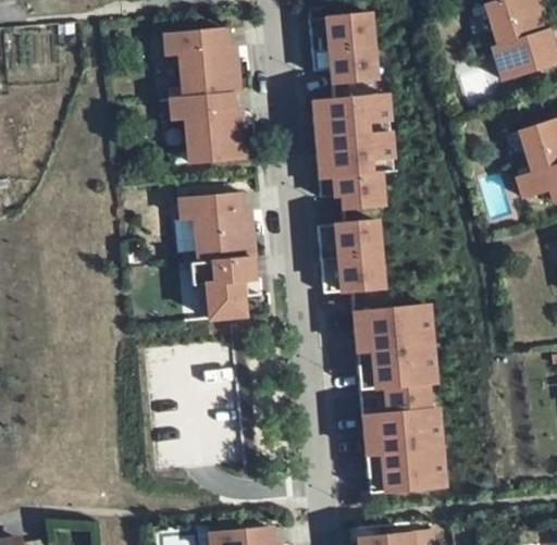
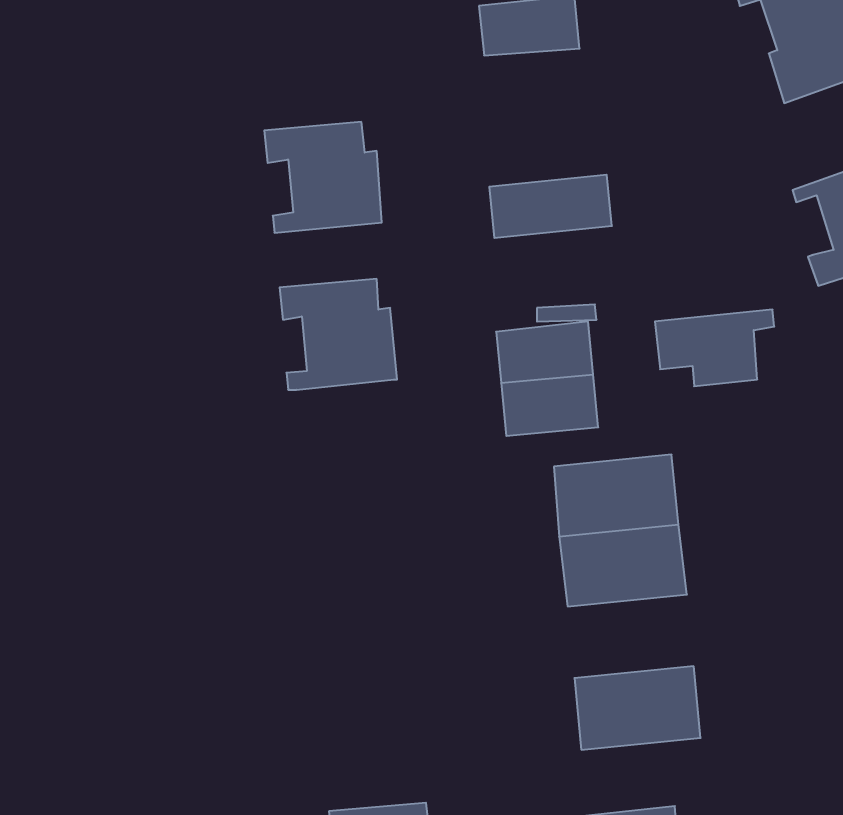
building: [164,28,239,98] -> none
building: [310,46,374,83] -> none
building: [310,94,388,134] -> none
building: [317,159,393,208] -> [655,310,774,386]
building: [190,257,255,318] -> none
building: [363,394,444,447] -> none

